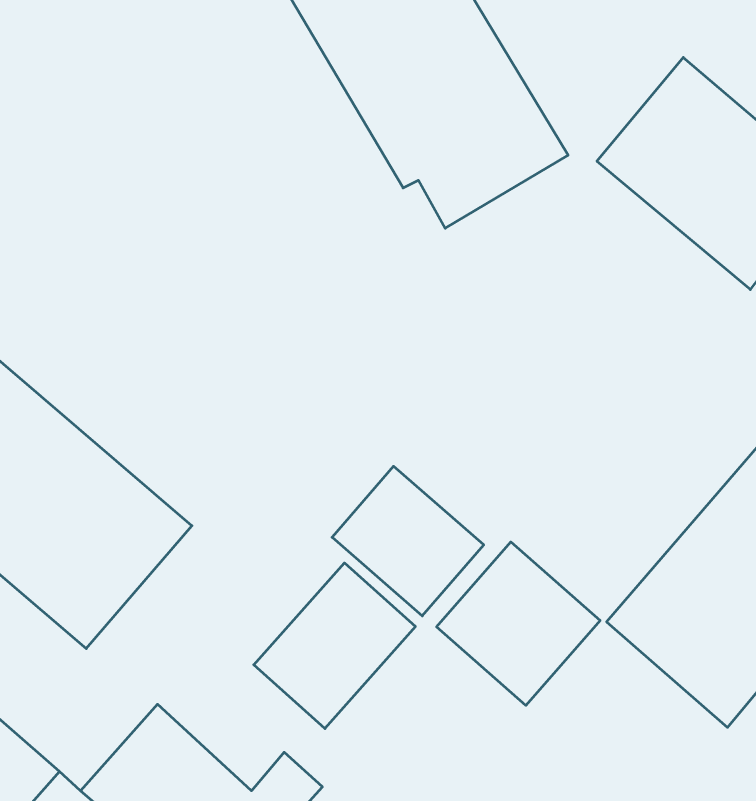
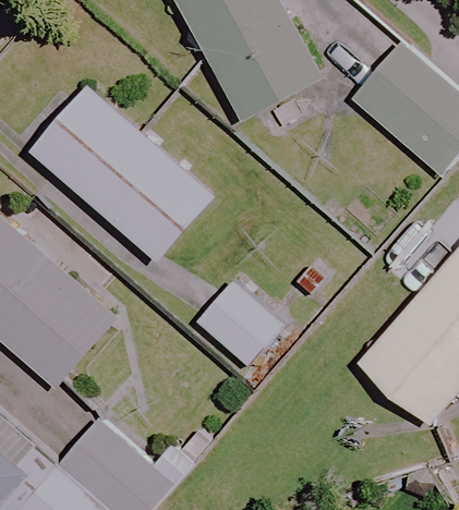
building: none -> [29,87,212,262]
building: [437,542,600,705] -> none
building: [254,563,415,729] -> none

